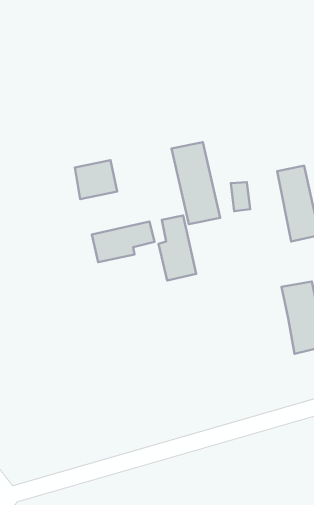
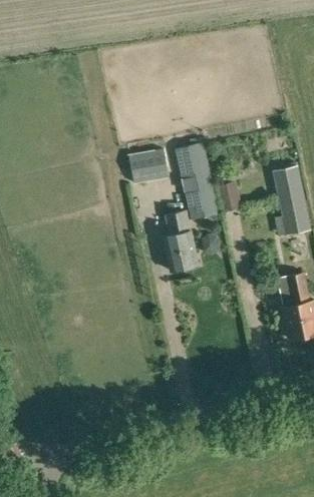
building: [75,160,117,199] -> [129,148,169,184]
building: [92,222,154,262] -> none

